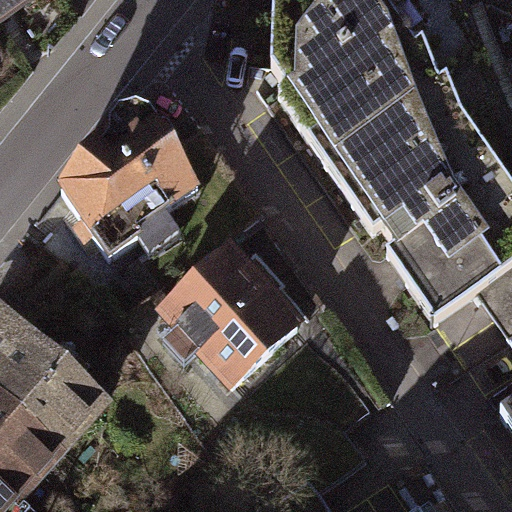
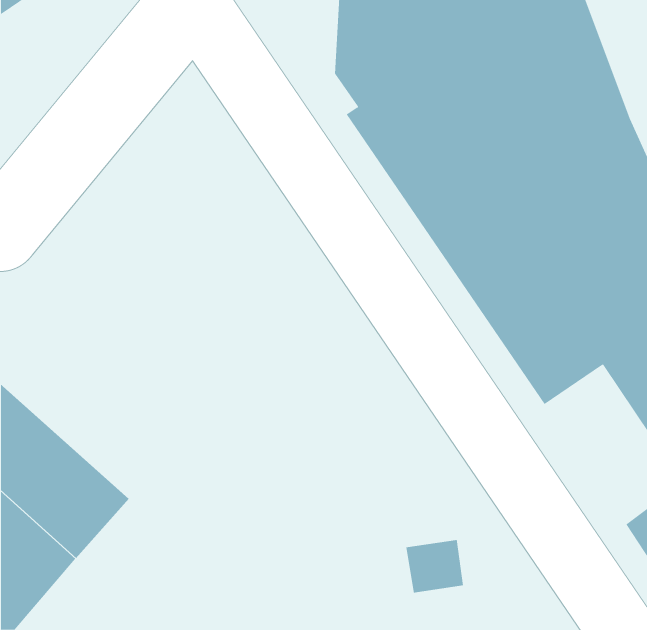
building: [63,115,205,252] -> none
building: [153,249,296,390] -> none

